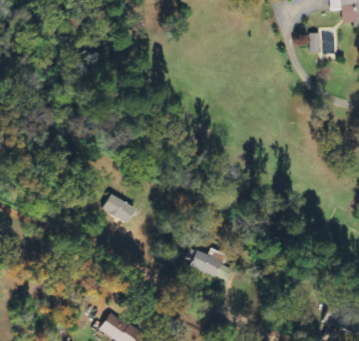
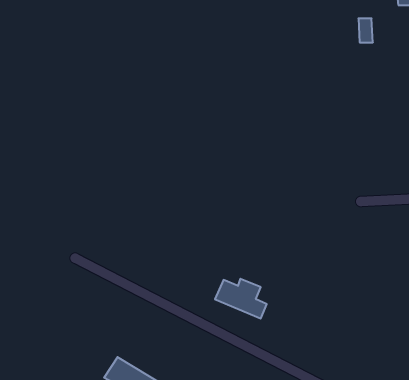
building: [103,195,135,222] -> none

